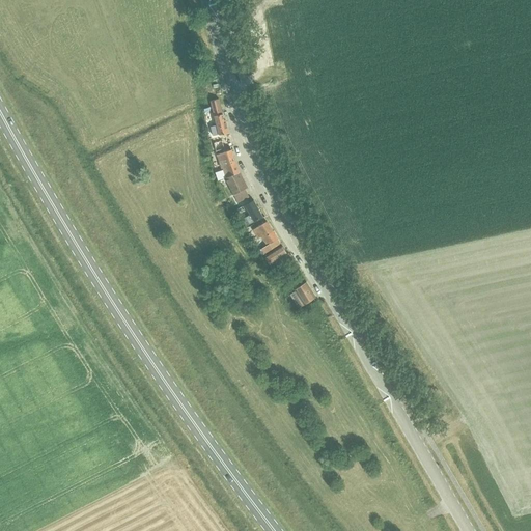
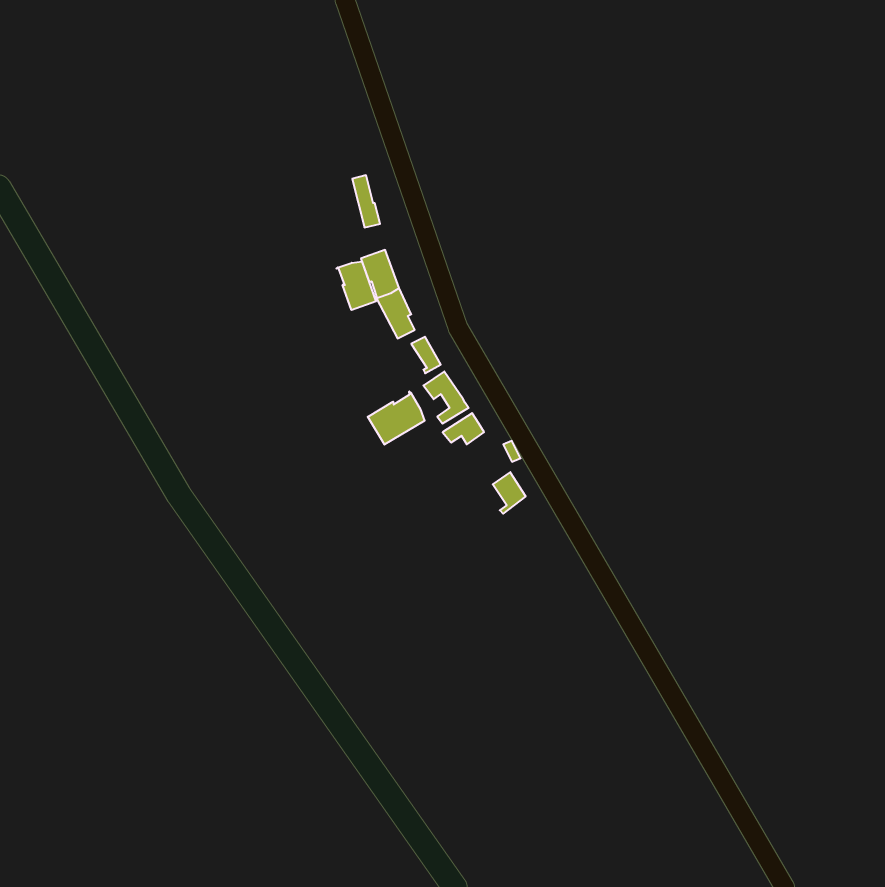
building: none -> [336,261,376,310]
building: none -> [368,391,425,445]

